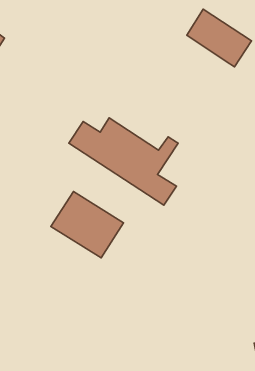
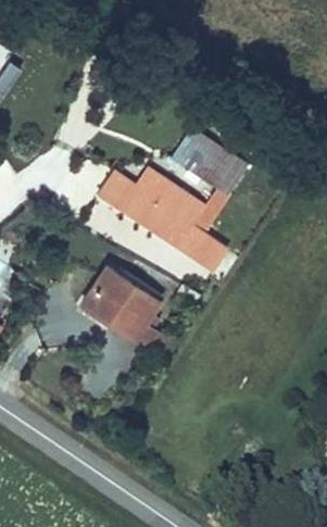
building: [187,9,251,67] -> [171,126,249,196]

